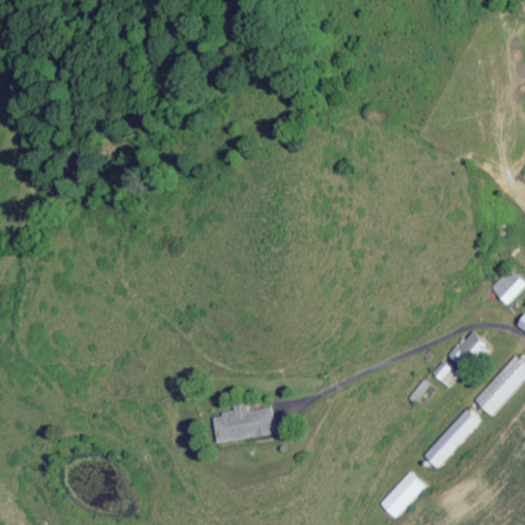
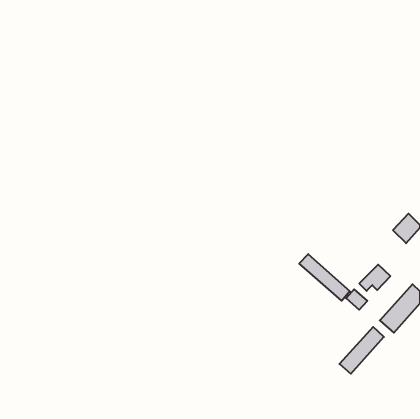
building: none -> [299,254,350,301]
building: [212,407,275,442] -> none
building: [379,472,425,518] -> none

